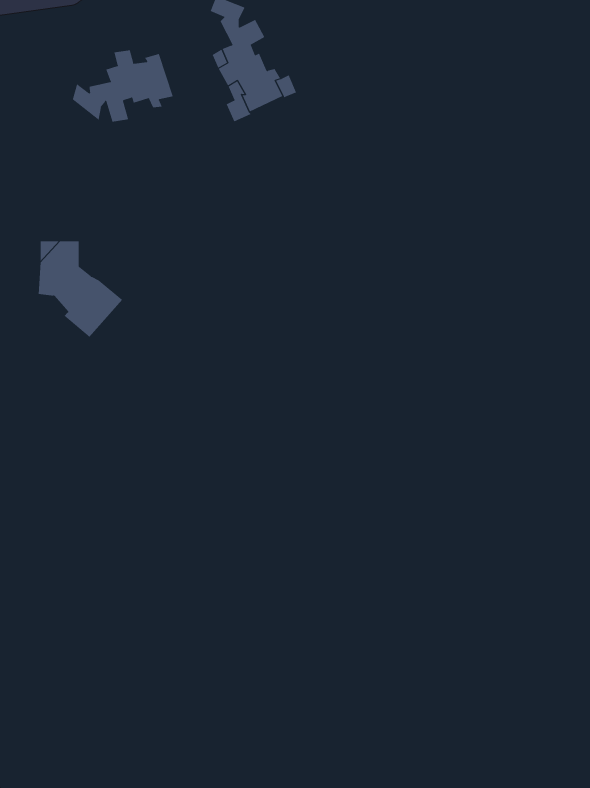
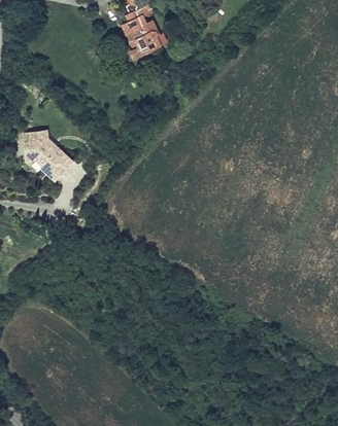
building: [72,49,173,122] -> none

